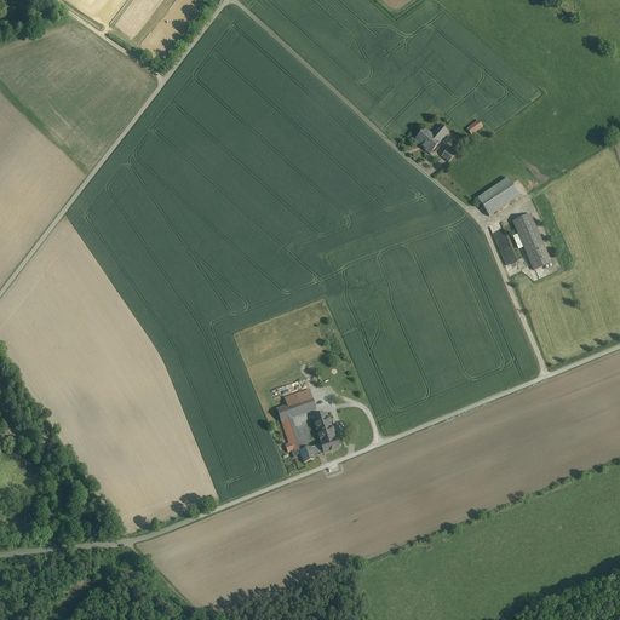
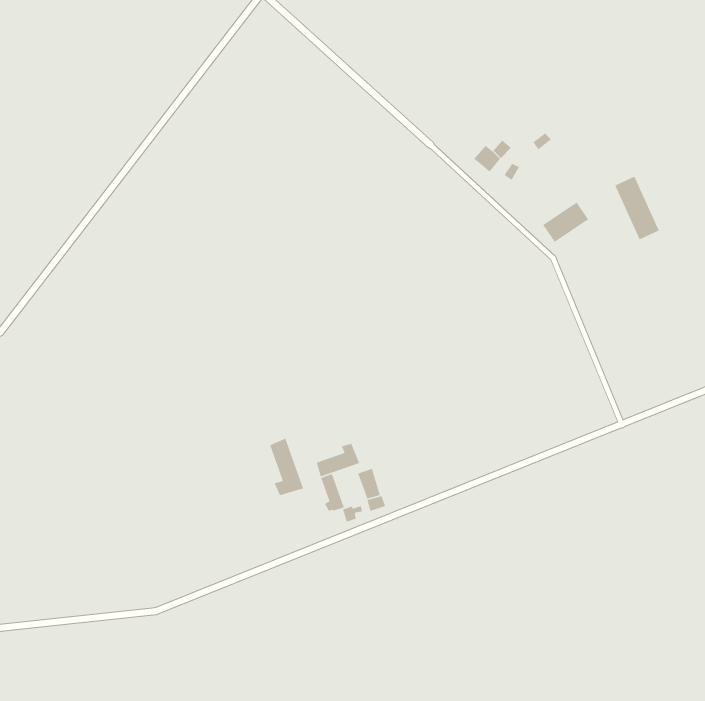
building: [511,212,551,269] -> [614,176,660,240]
building: none -> [269,438,304,496]

